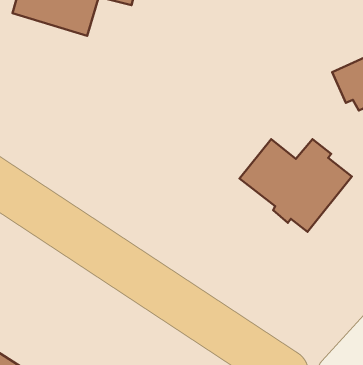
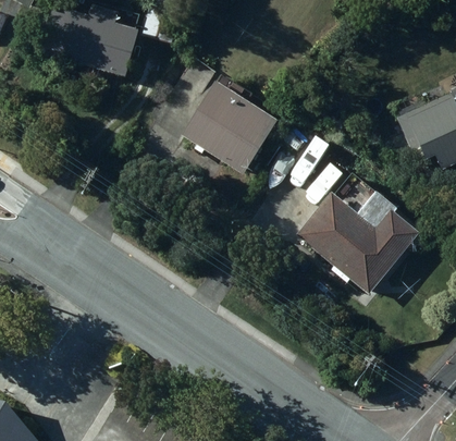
building: none -> [178,79,275,173]

